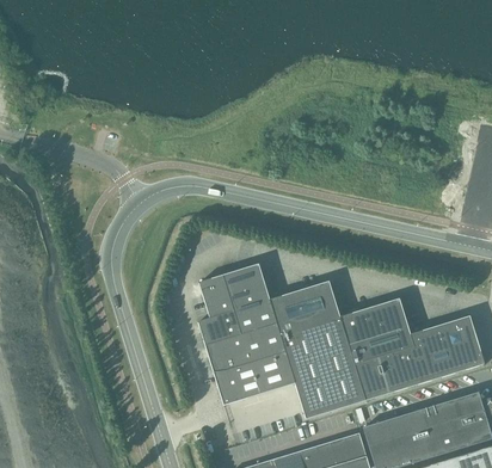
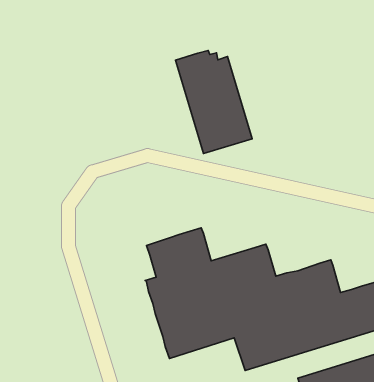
building: none -> [176,50,252,154]

